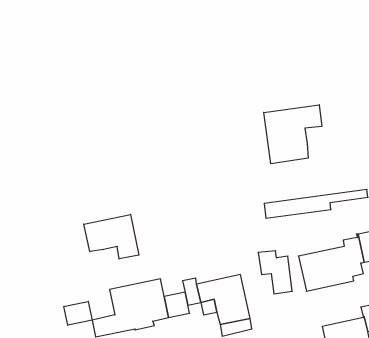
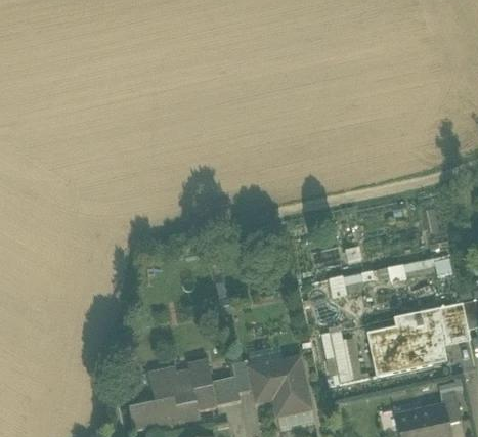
building: [264,105,322,164] -> none
building: [84,214,139,259] -> none
building: [64,301,92,325] -> none

